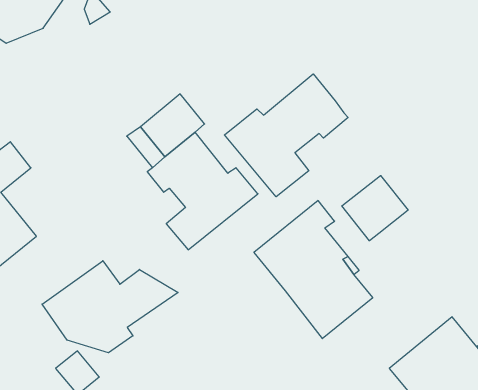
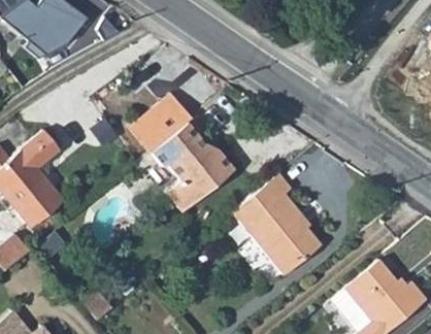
building: [224,74,348,197] -> none
building: [342,176,408,241] -> none
building: [42,261,178,353] -> none

